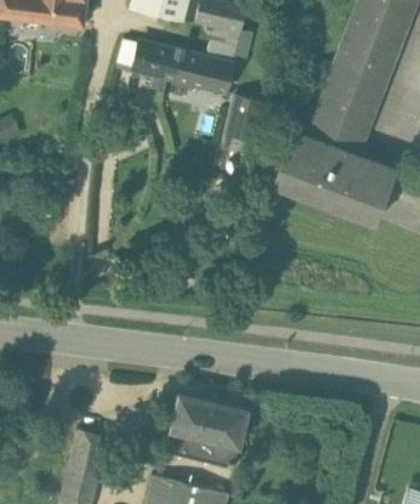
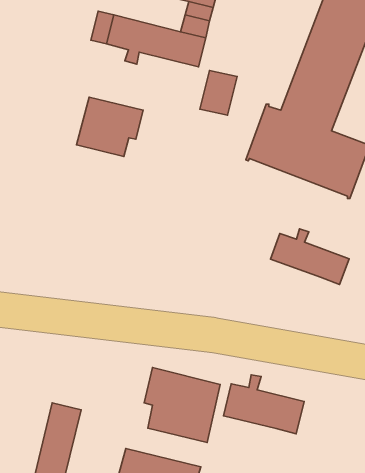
building: none -> [76,97,143,156]
building: none -> [270,229,349,285]
building: none -> [223,375,304,434]

